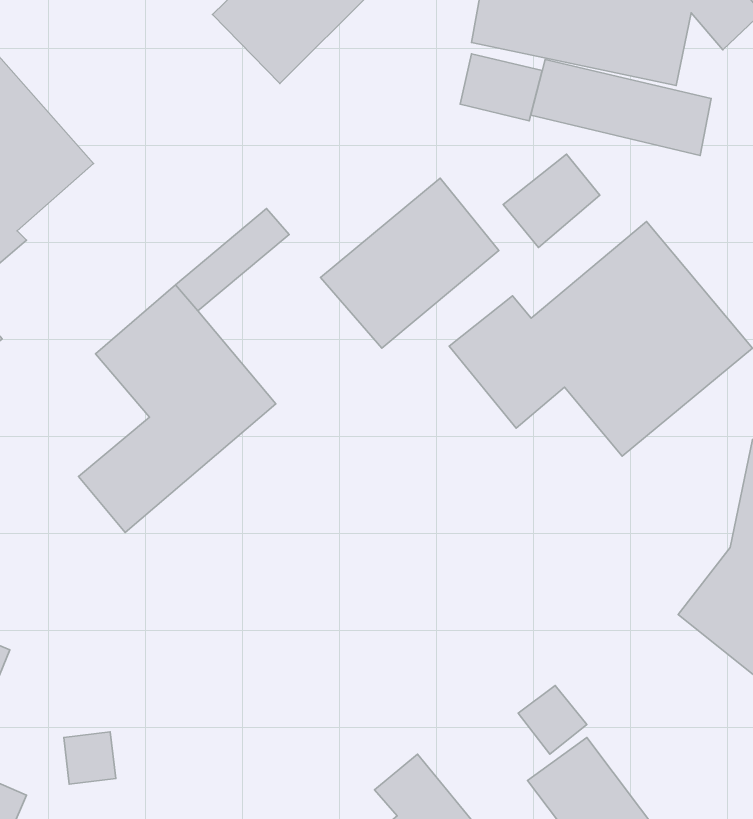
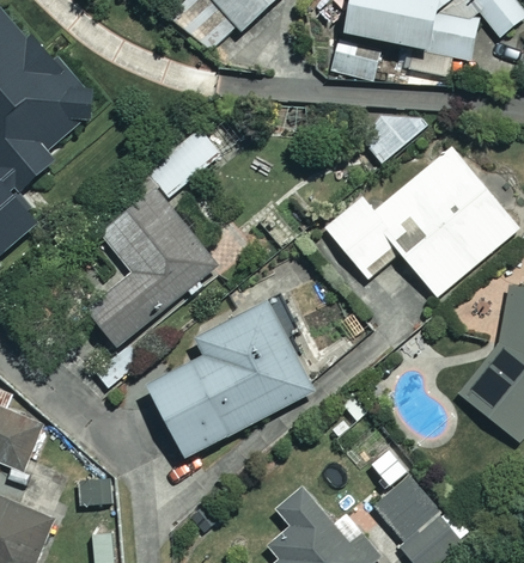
building: [531,60,711,155] -> none
building: [320,178,499,348] -> none
building: none -> [144,302,311,459]

